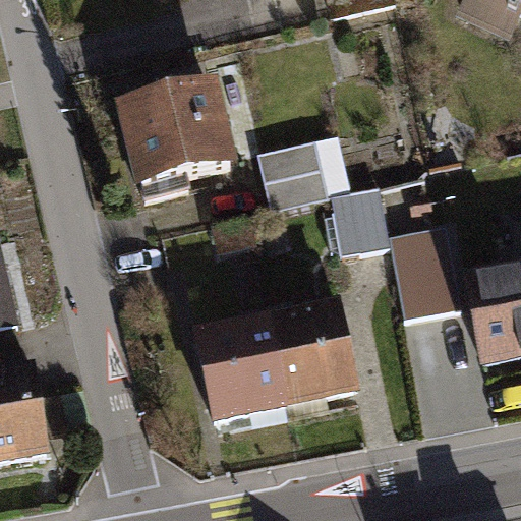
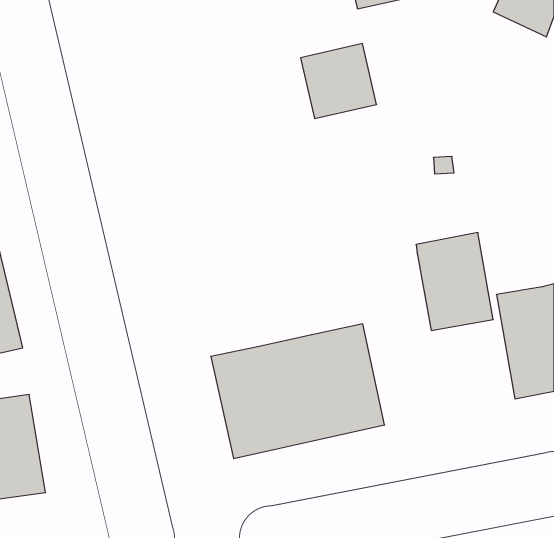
building: [124,76,230,190] -> none
building: [257,131,329,201] -> [301,44,377,119]
building: [325,177,391,246] -> none

